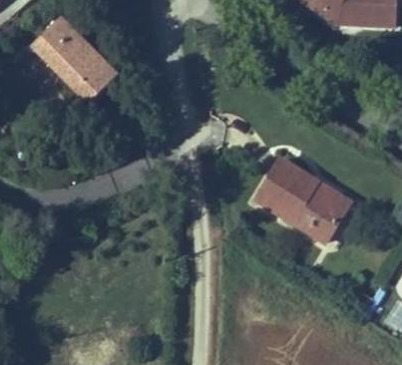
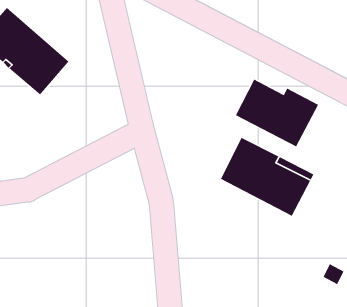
building: none -> [235,79,319,147]

